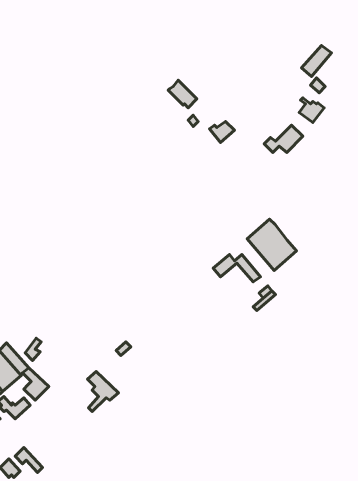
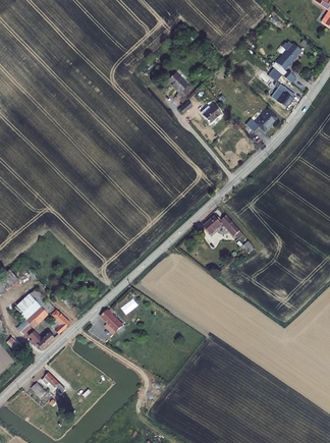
building: [247,219,297,271] -> none

